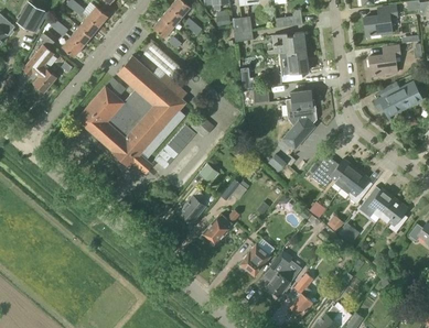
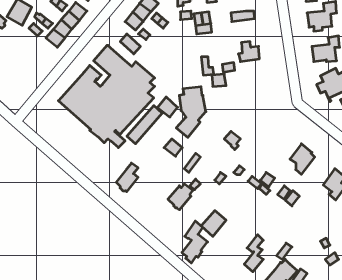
building: [274,31,307,57] -> none
building: [23,45,56,92] -> none
building: [282,90,317,149] -> [176,87,206,137]
building: [311,155,356,187] -> none
building: [361,186,395,216] -> none
building: [180,189,205,222] -> [116,163,138,192]
building: [267,250,297,298] -> [182,221,208,263]

